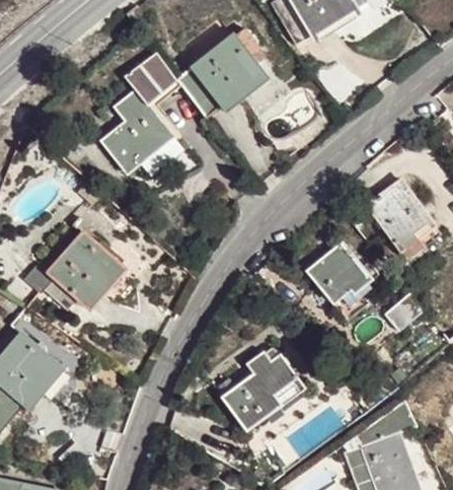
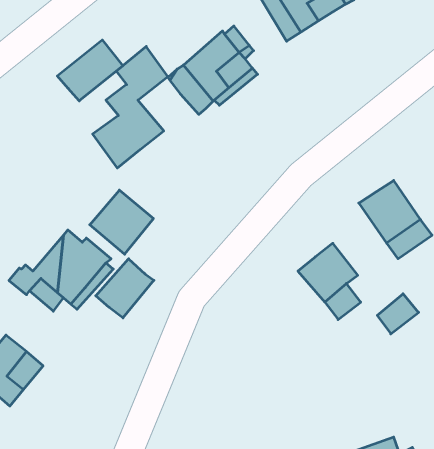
building: none -> [57,40,123,101]
building: none -> [90,190,153,254]
building: none -> [96,259,154,318]
building: [222,354,300,428] -> none

